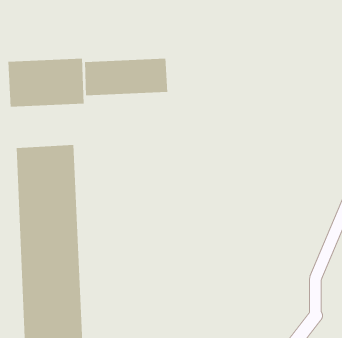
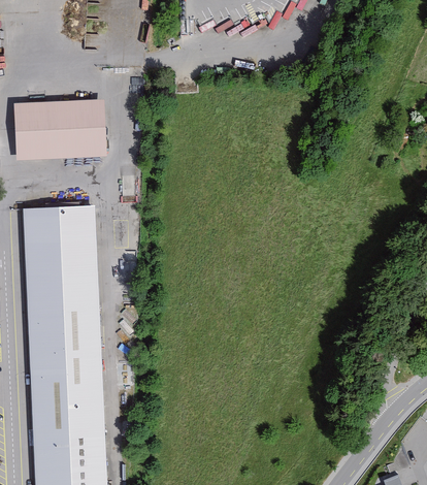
building: [85,58,168,96] -> none

